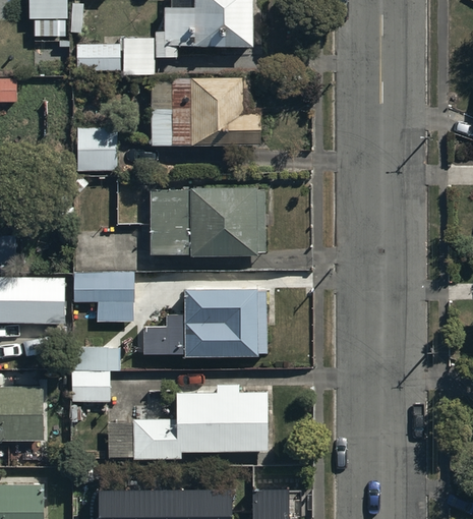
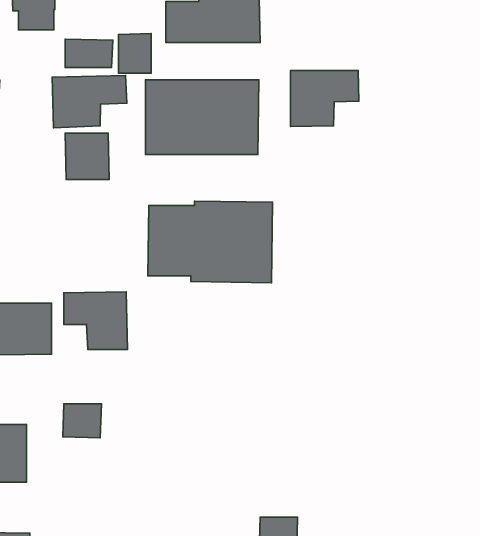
building: none -> [290,71,359,126]
building: none -> [52,75,127,128]
building: [143,287,265,357] -> none
building: [108,385,268,459] -> none

